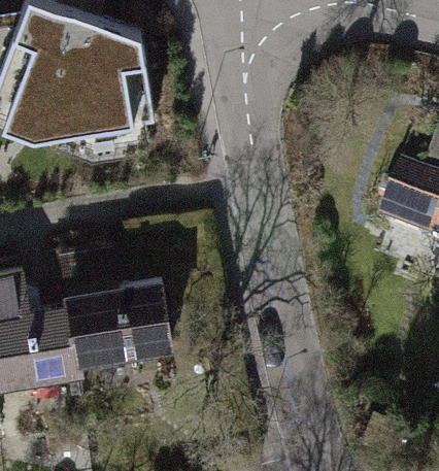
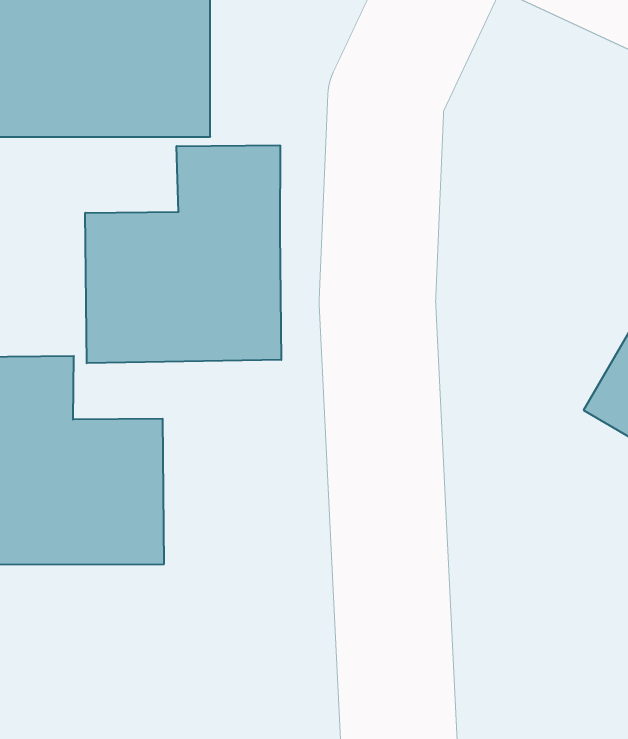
building: none -> [85,145,281,363]

